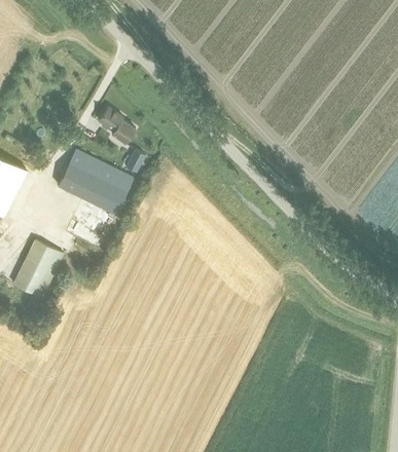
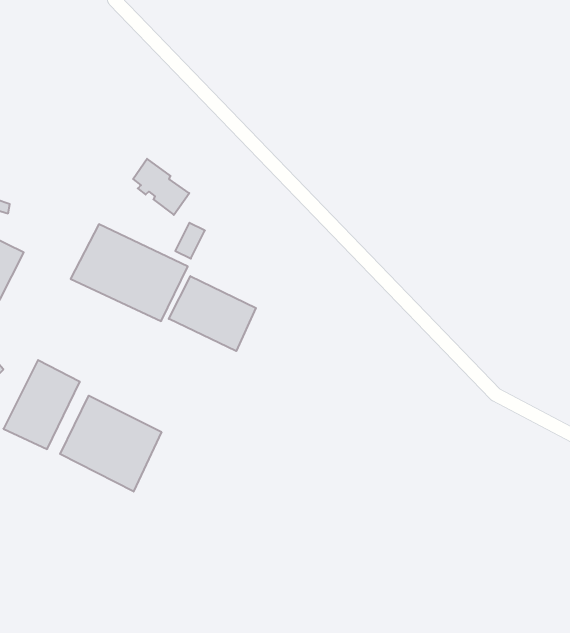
building: none -> [169,276,256,351]
building: none -> [60,396,161,492]

